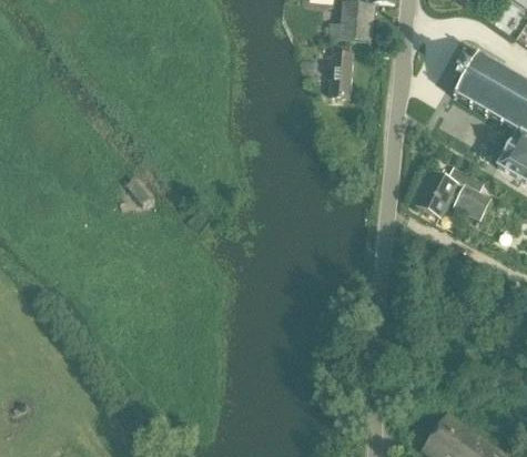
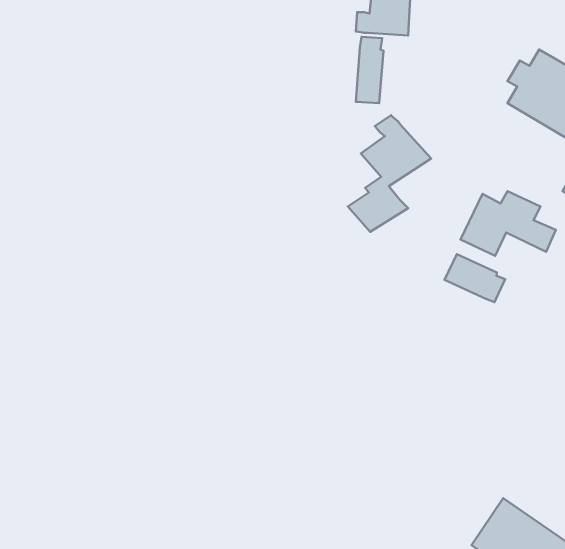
building: none -> [348,115,431,232]
building: none -> [445,254,505,302]

